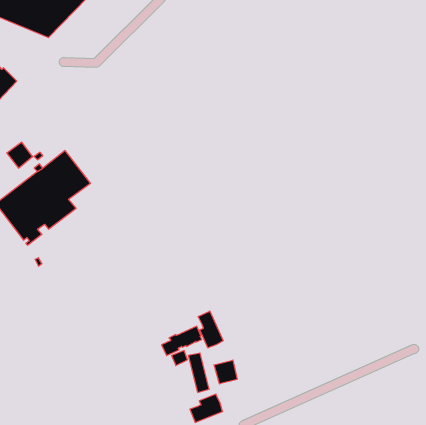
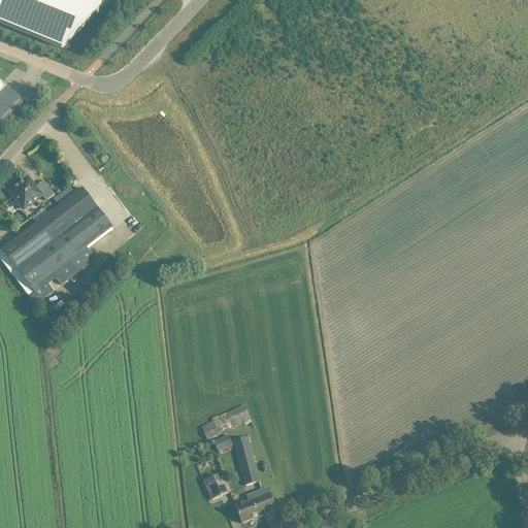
building: [198,311,223,348] -> none
building: [214,360,237,384] -> none
building: none -> [202,472,229,497]

